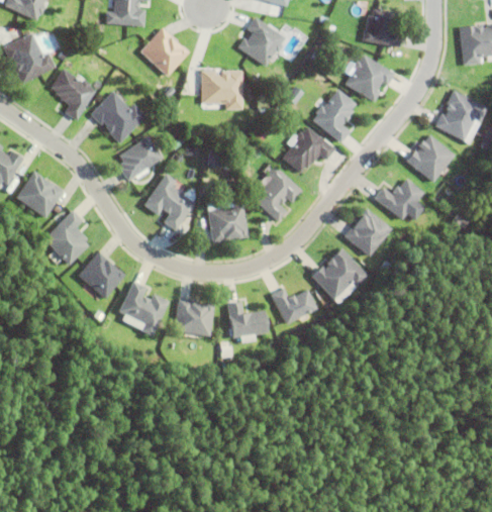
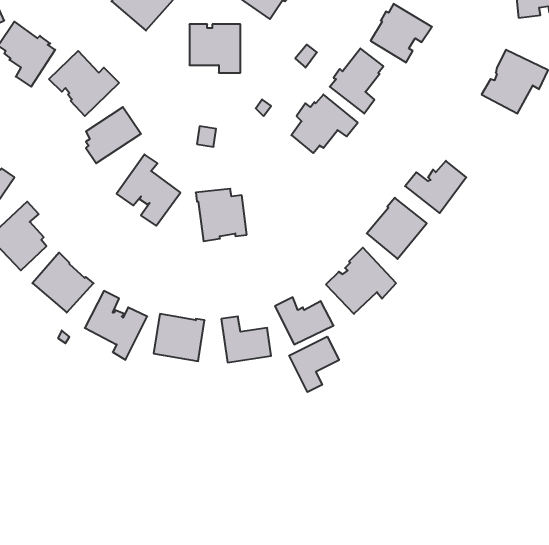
building: [404,134,454,182] -> none
building: [248,164,303,222] -> none
building: none -> [289,337,339,392]

